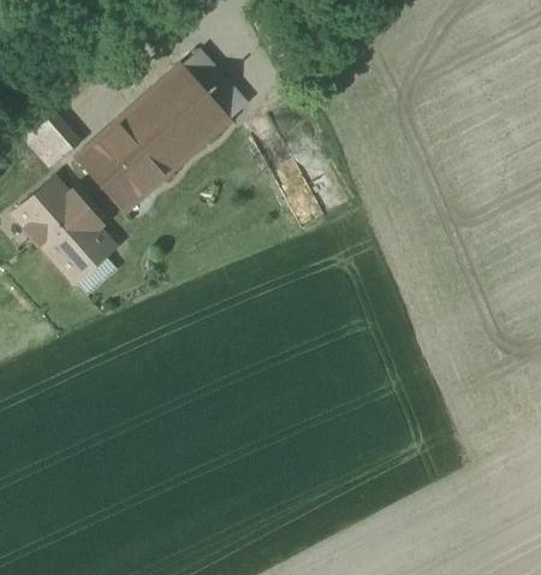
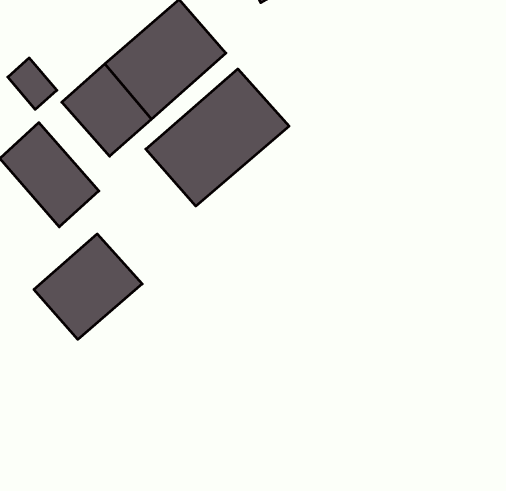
building: none -> [146,69,289,206]
building: none -> [34,234,142,339]

